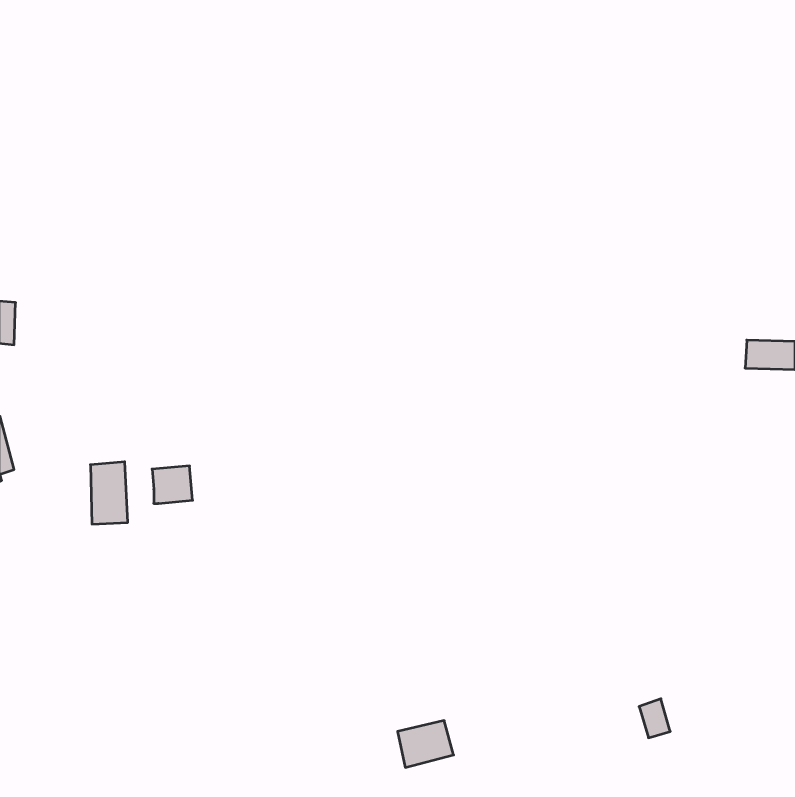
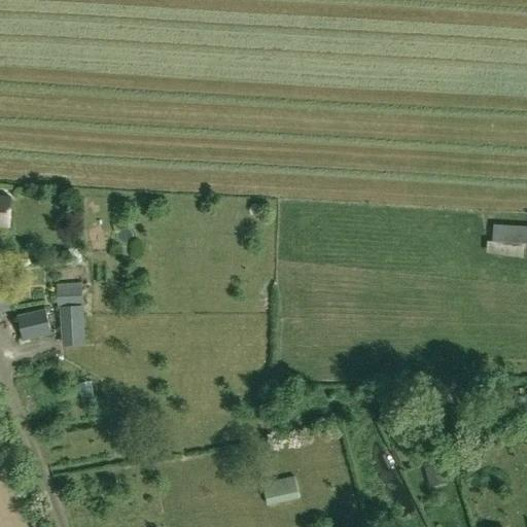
building: [152,466,193,503] -> [56,282,82,307]
building: none -> [17,310,50,340]

